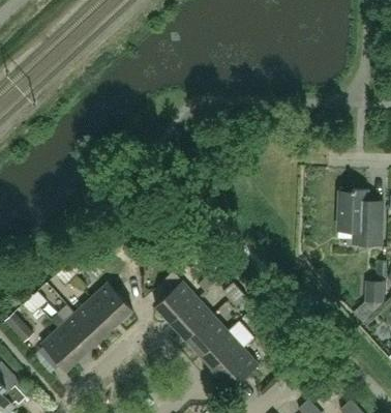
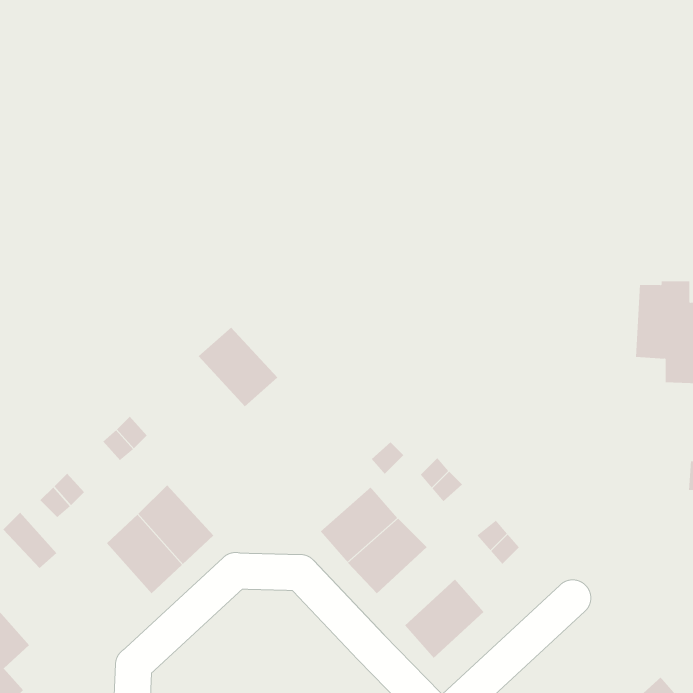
building: [156,281,199,322] -> none
building: [91,282,133,324] -> [198,327,278,407]
building: [41,328,83,371] -> none
building: [202,330,243,372] -> none

